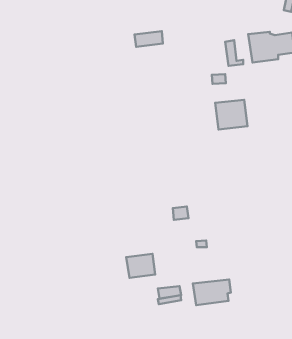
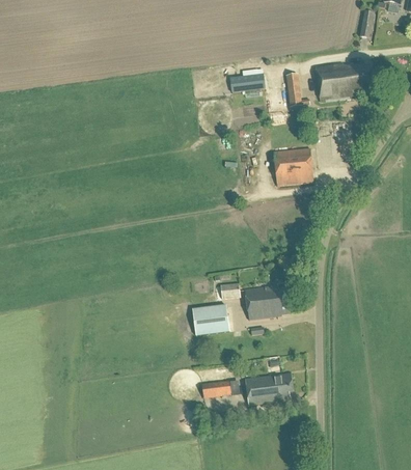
building: [135,31,163,47] -> [228,72,264,91]
building: none -> [245,282,290,320]
building: [126,254,155,278] -> [192,305,228,335]

